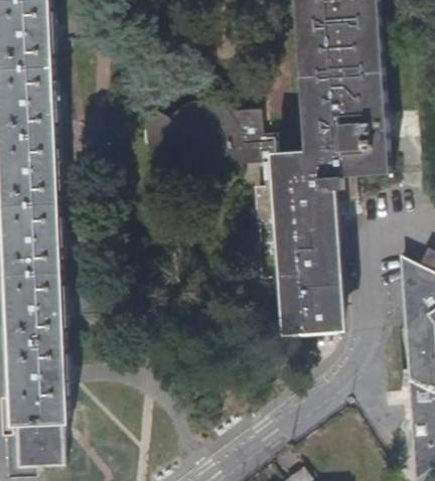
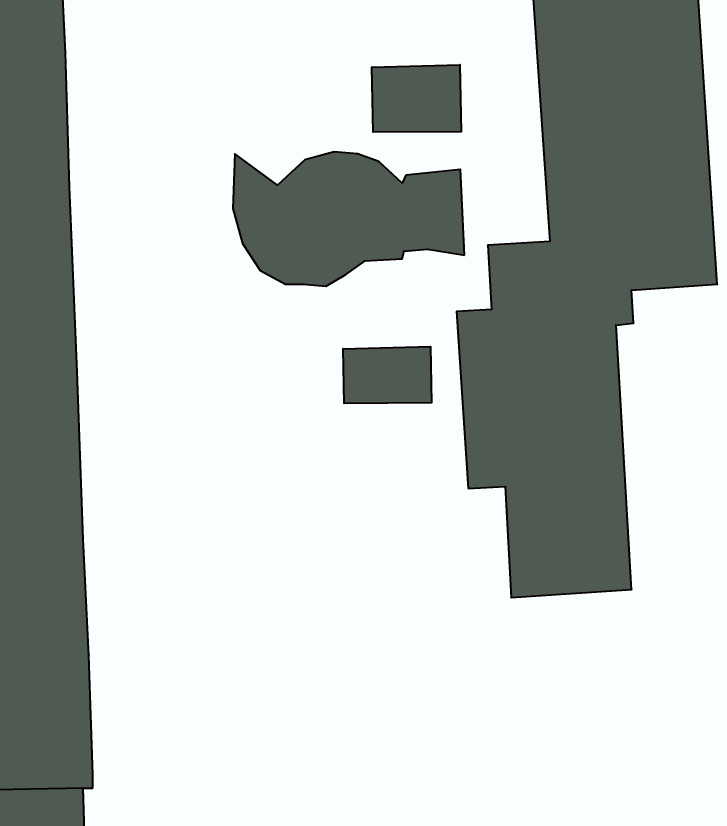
building: none -> [372,65,461,132]
building: none -> [343,347,432,403]

